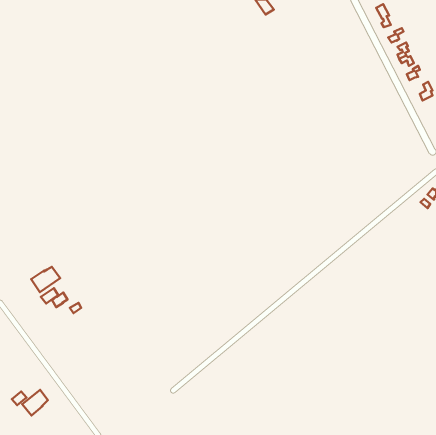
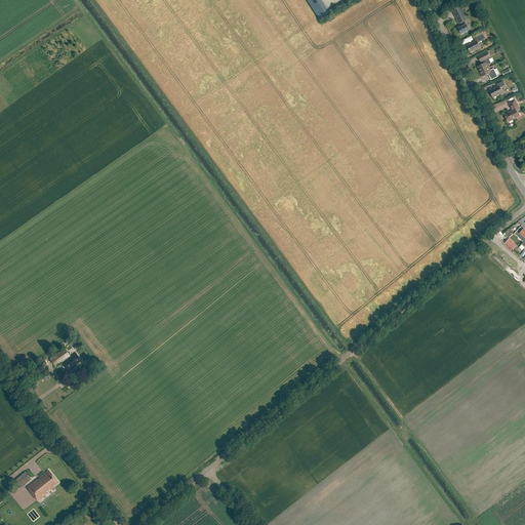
building: [31,267,60,292] -> none

